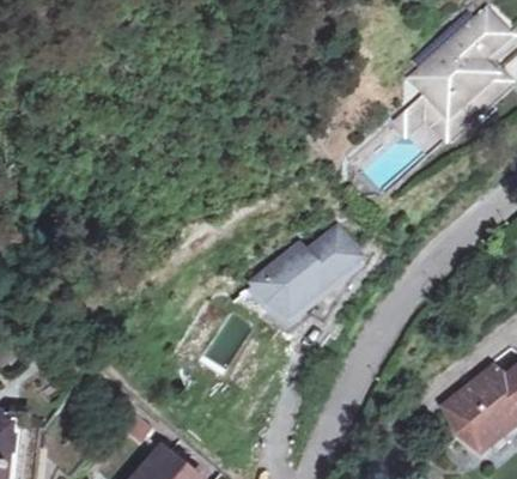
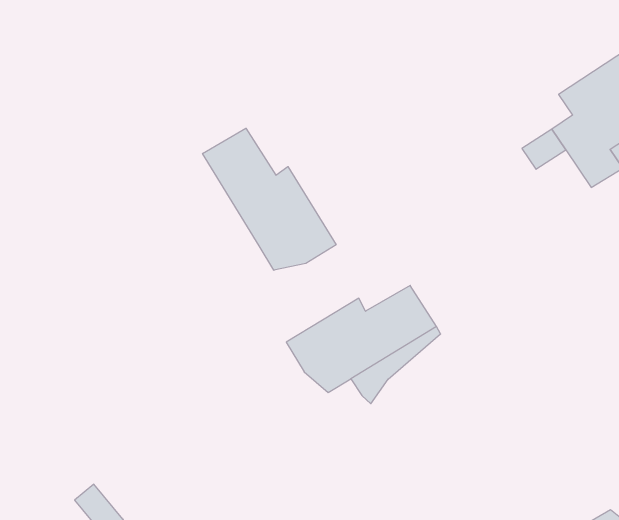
building: none -> [203,128,336,270]

